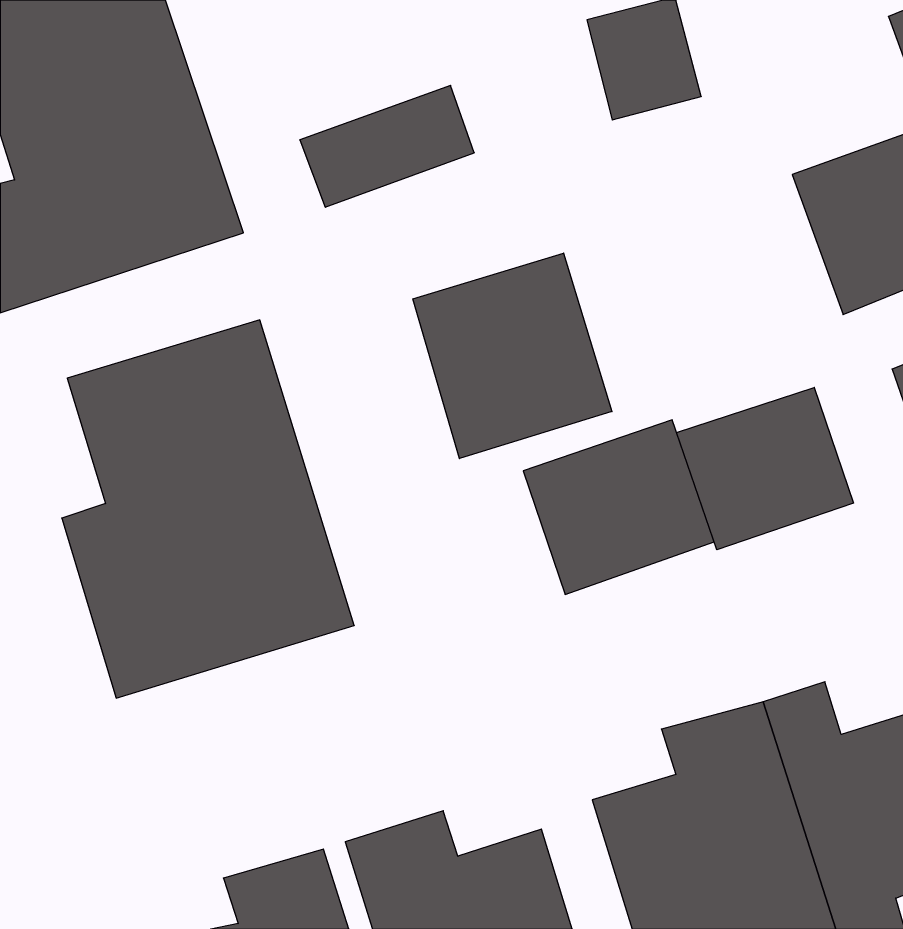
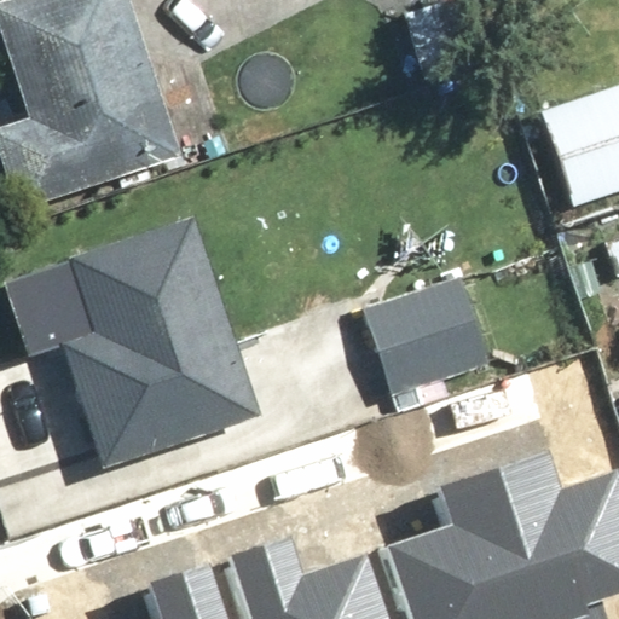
building: [413,253,612,459] -> none
building: [677,387,854,550] -> none

